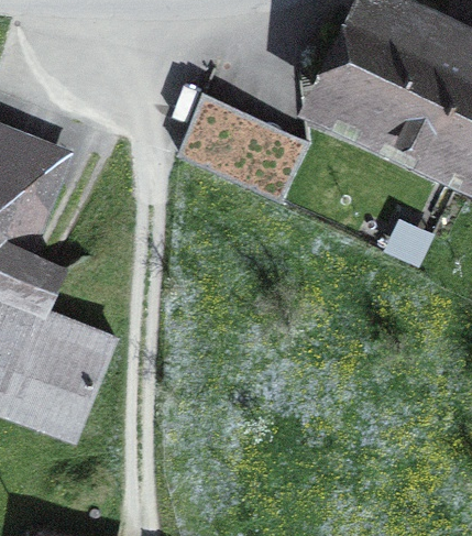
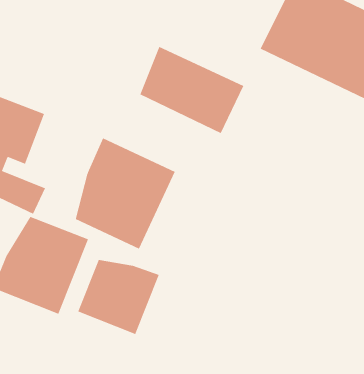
building: none -> [75,138,176,250]
building: none -> [77,259,159,335]

